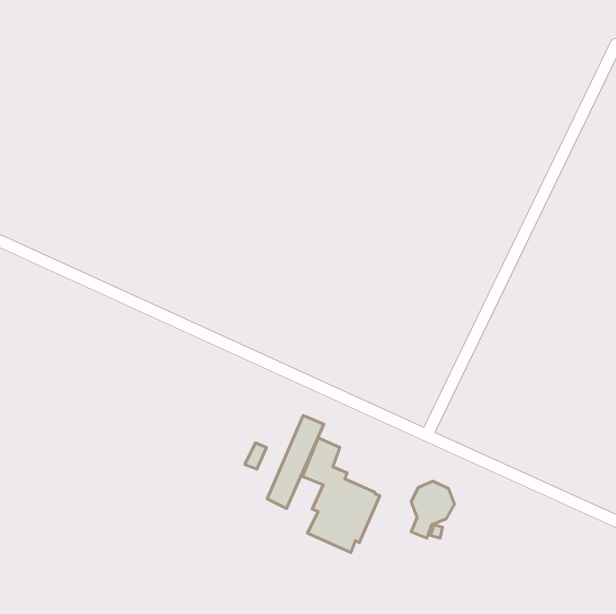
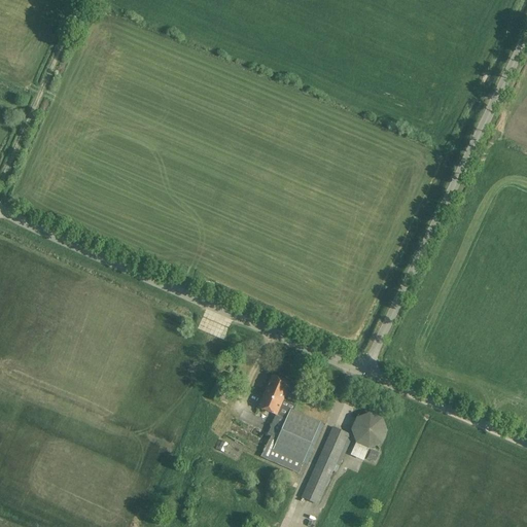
building: [267,416,324,509] -> [302,425,350,504]

